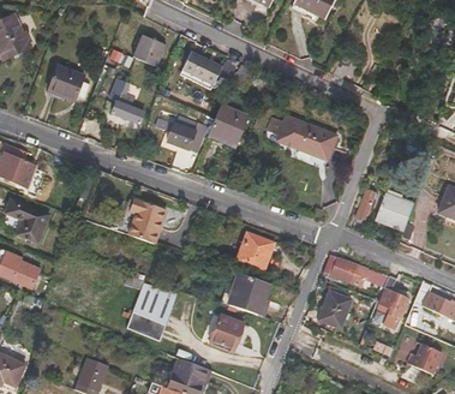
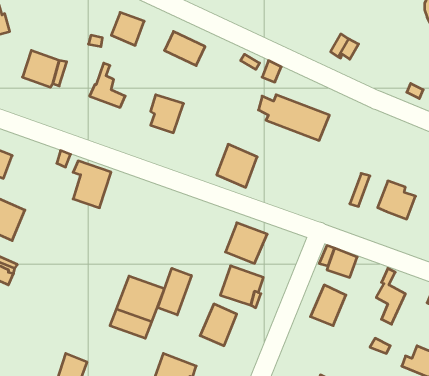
building: [209,102,247,143] -> [217,144,257,187]
building: [131,199,167,244] -> [73,161,111,208]
building: none -> [158,268,191,315]

